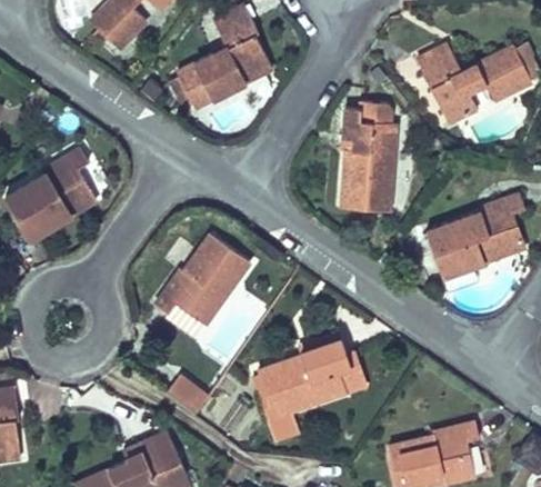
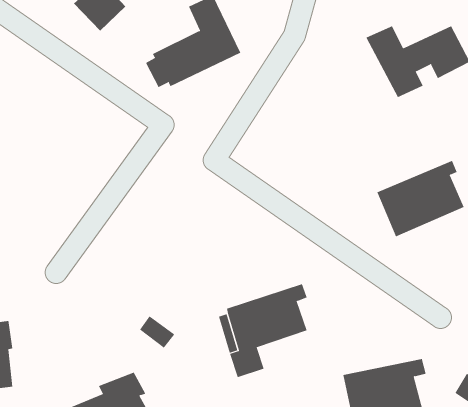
building: [335,113,393,222] -> none
building: [16,136,110,232] -> none
building: [151,221,250,331] -> none

